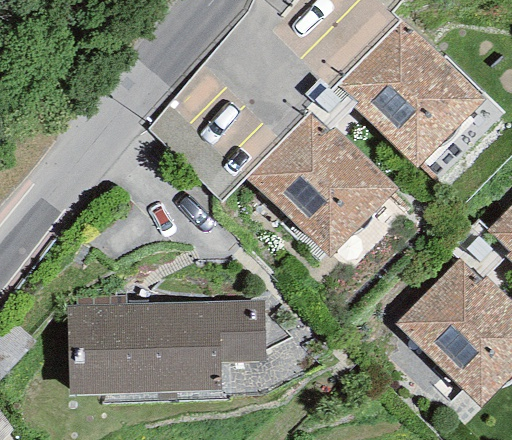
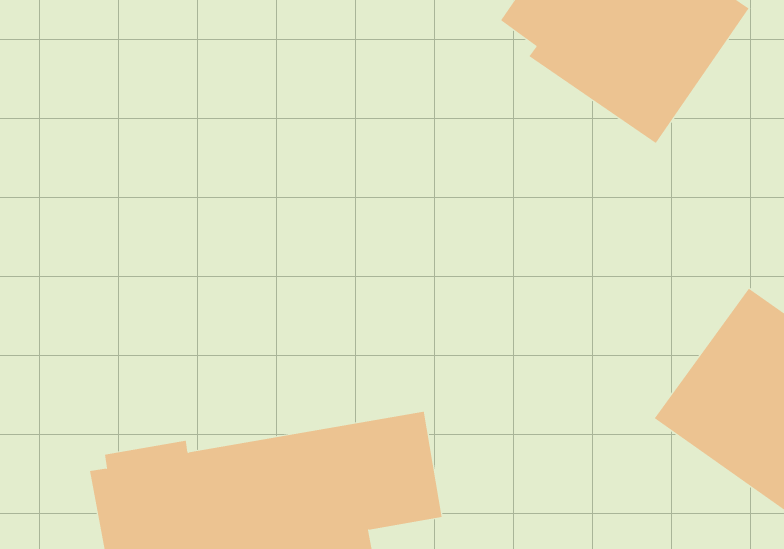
building: [248,113,398,258] -> none

